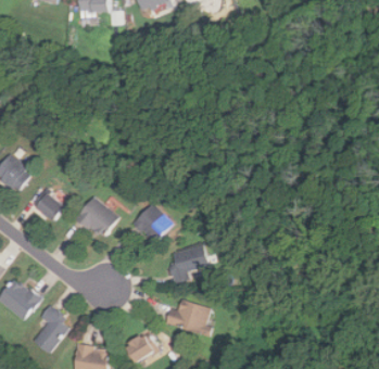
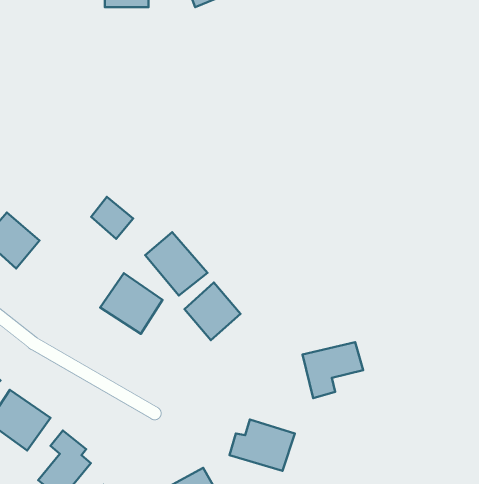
building: none -> [145,232,207,296]
building: [35,192,64,221] -> [91,197,133,239]
building: [167,245,210,284] -> [302,342,363,398]

